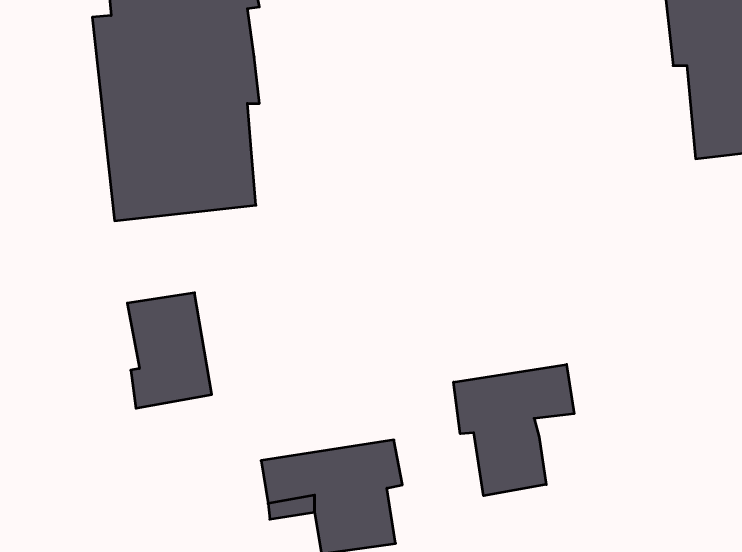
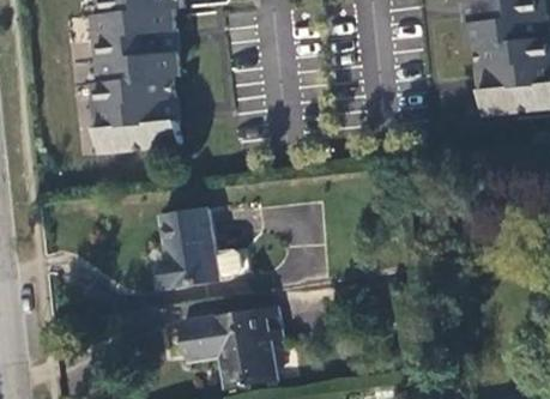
building: [127,293,212,408] -> [161,206,219,286]
building: [454,364,574,496] -> none

